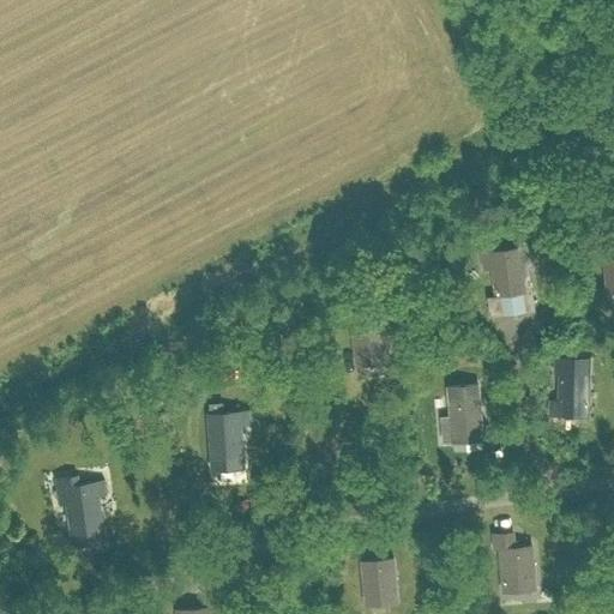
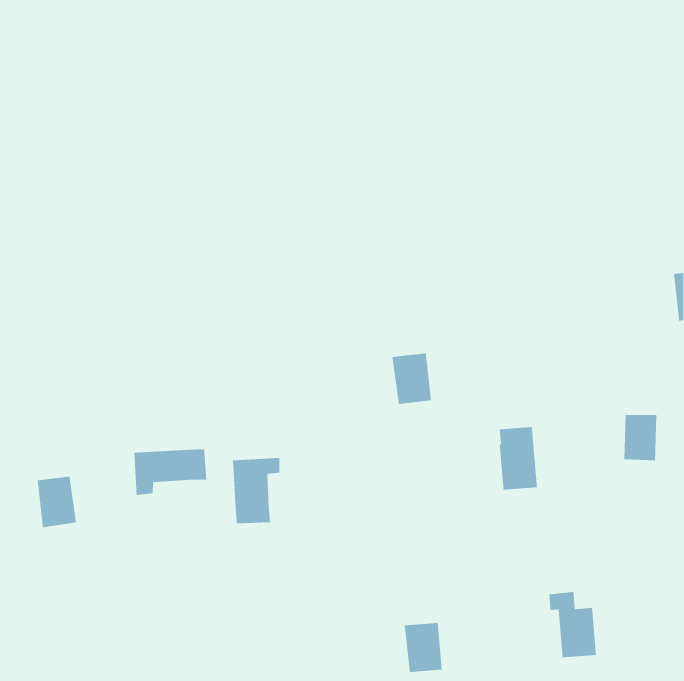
building: [489,249,526,296] -> none
building: none -> [133,449,207,496]
building: [62,484,98,531] -> [37,476,77,528]

